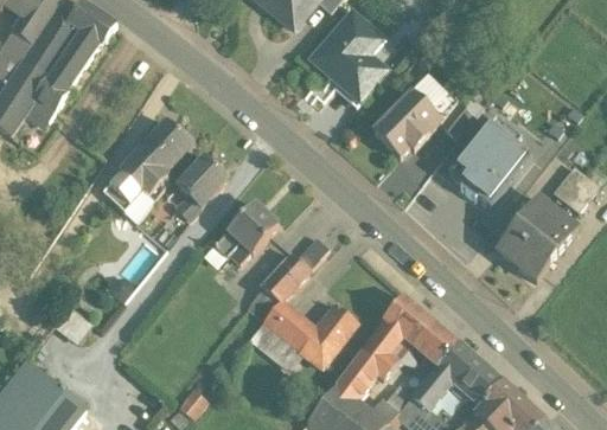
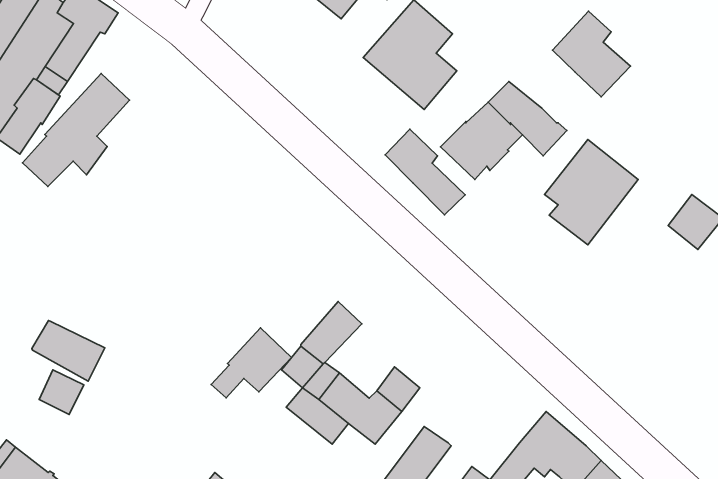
building: none -> [553,11,631,97]
building: none -> [385,129,465,215]
building: [102,120,187,210] -> [23,74,130,187]
building: [174,155,226,218] -> none
building: [496,197,576,281] -> none
building: [212,200,276,256] -> [211,328,292,398]
building: none -> [32,321,105,381]
building: [359,295,456,365] -> none

